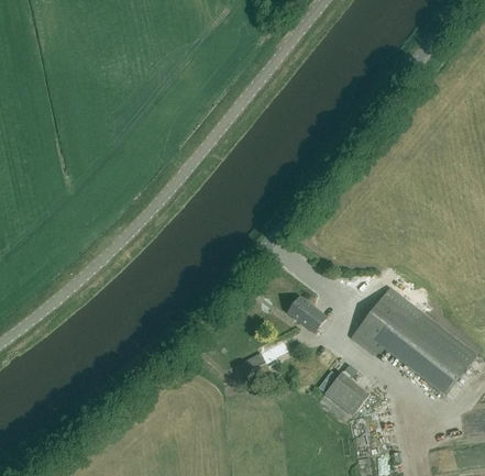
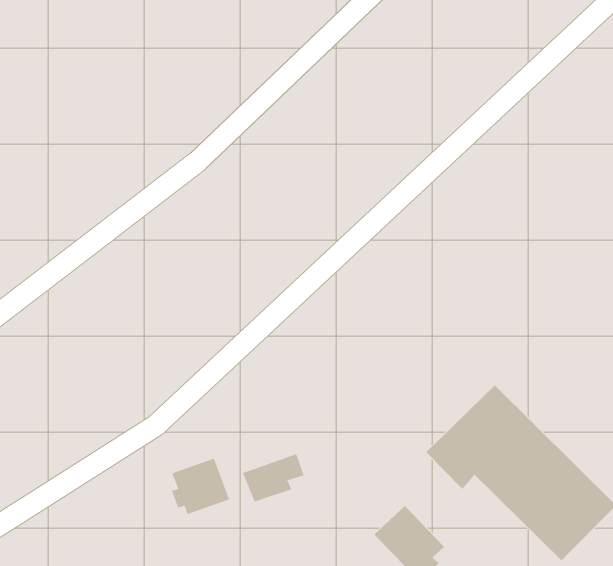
building: [286,297,326,332] -> none
building: none -> [171,458,230,515]

